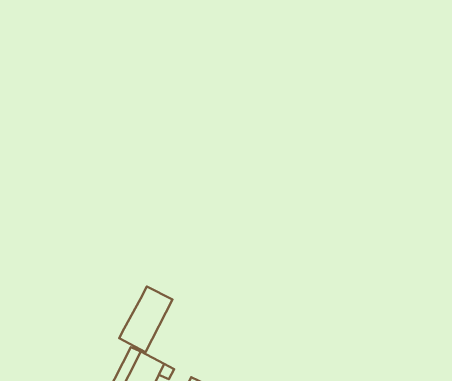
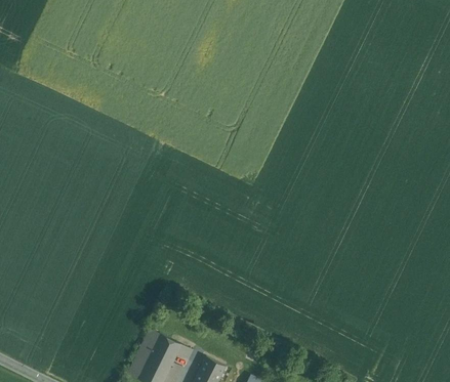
building: [119,287,172,352] -> none

